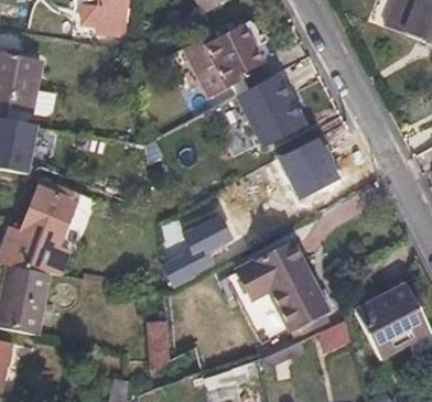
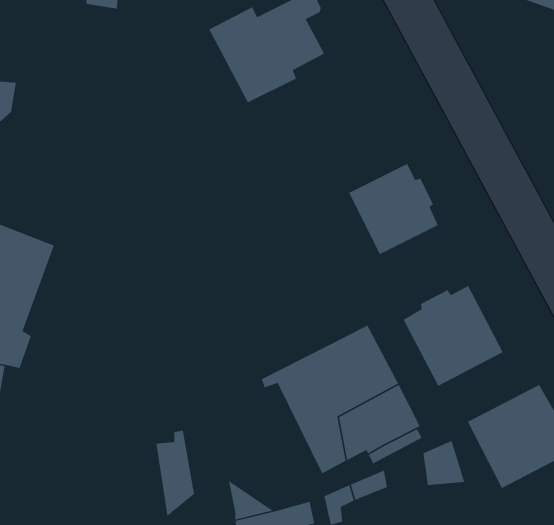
building: [240,74,302,142] -> none
building: none -> [403,285,504,387]
building: [166,225,229,289] -> none

